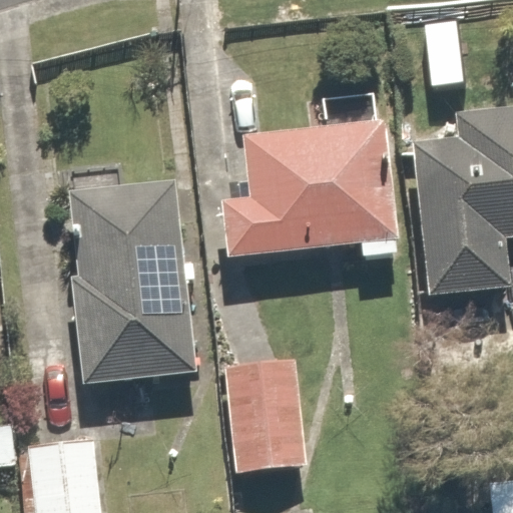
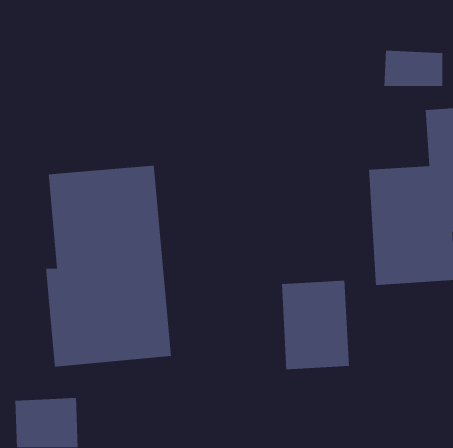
building: [225,127,386,267] -> none
building: [230,386,307,486] -> [281,280,350,370]

